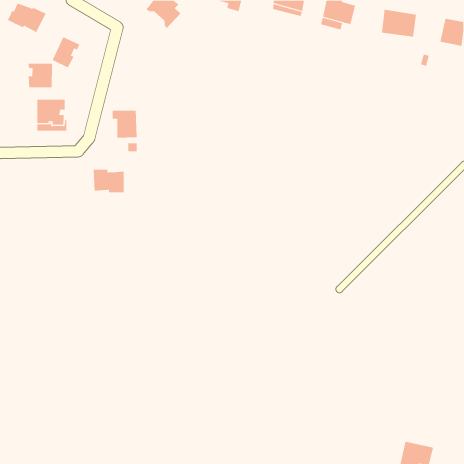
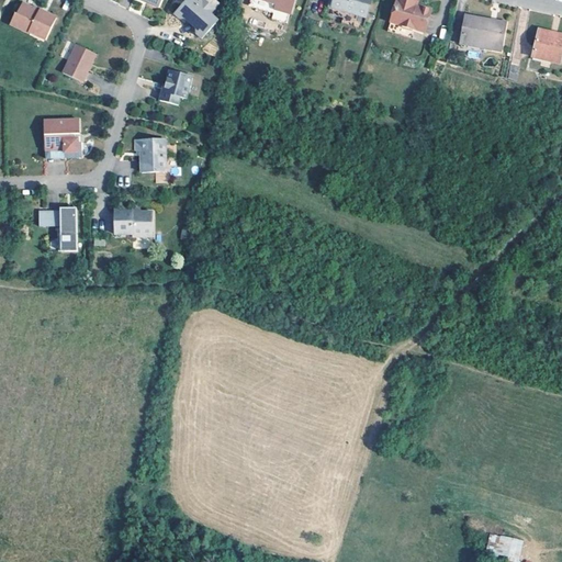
building: none -> [158,70,192,105]
building: [28,63,53,88] -> none
building: none -> [43,203,75,248]

